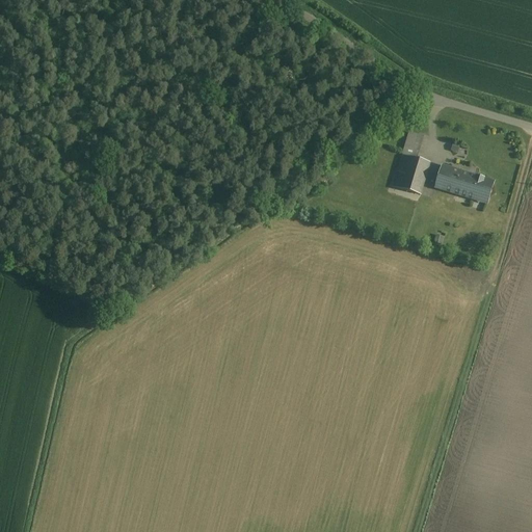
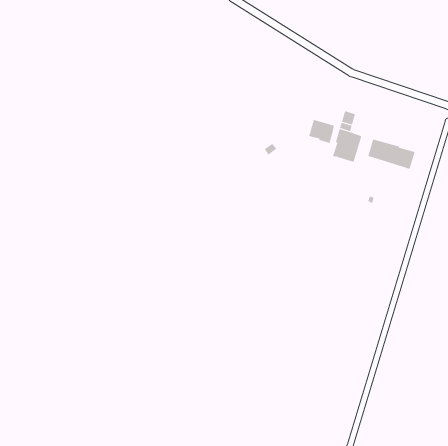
building: none -> [308,119,334,144]

